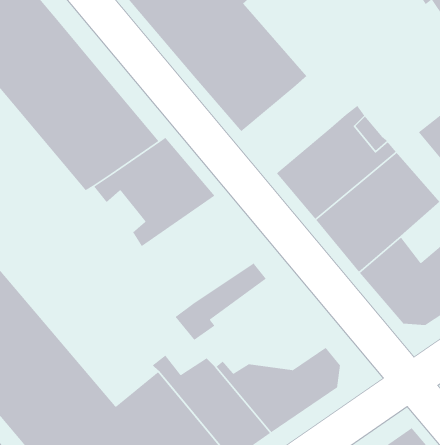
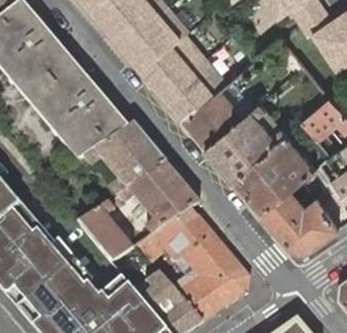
building: none -> [184,81,254,147]
building: none -> [117,162,200,235]
building: none -> [79,201,133,262]
building: none -> [163,218,240,279]

